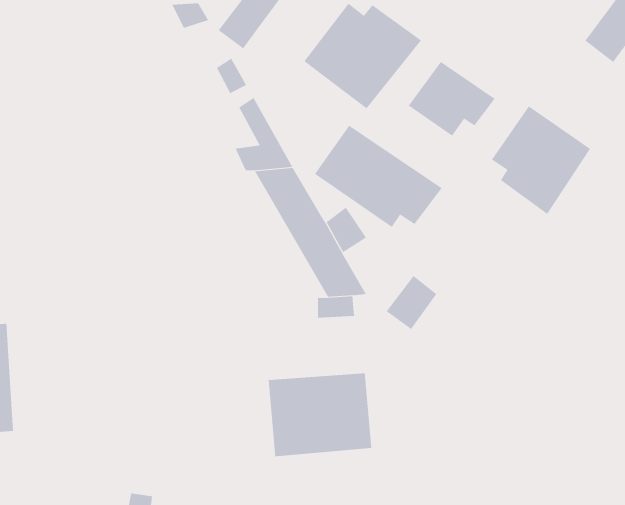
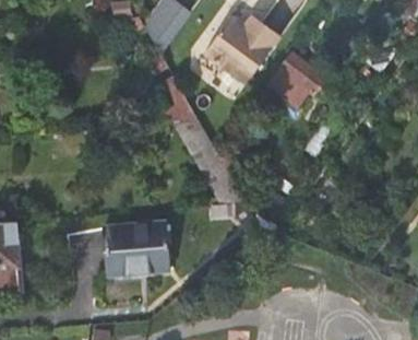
building: [491,105,591,215] -> none
building: [314,125,443,228] -> none
building: [268,373,372,457] -> [104,222,170,275]

